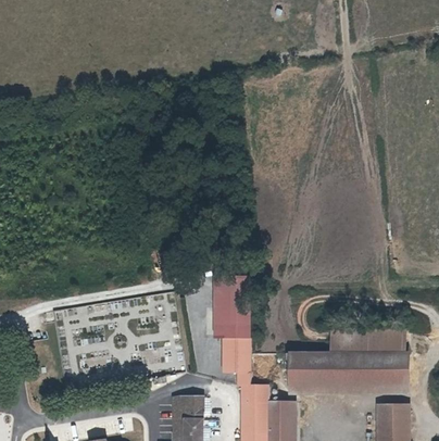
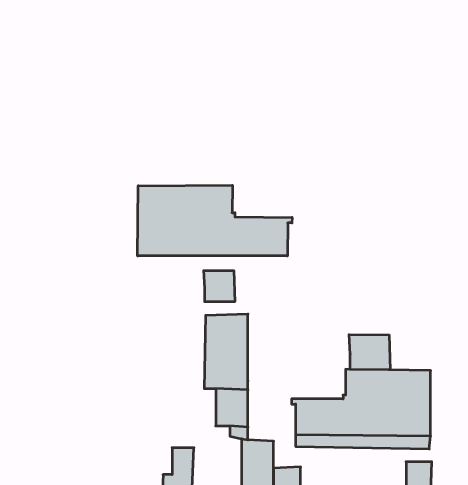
building: none -> [138,185,292,256]
building: none -> [204,271,235,302]
building: none -> [349,335,390,370]

